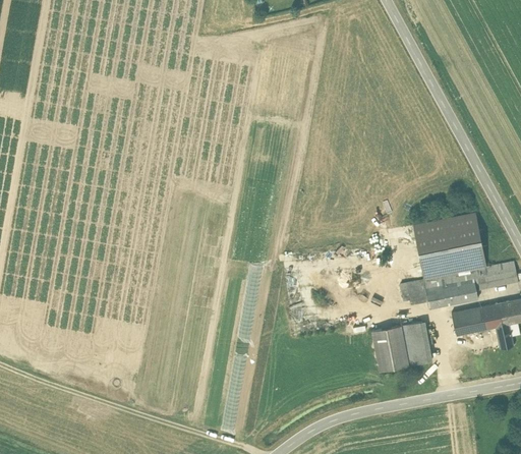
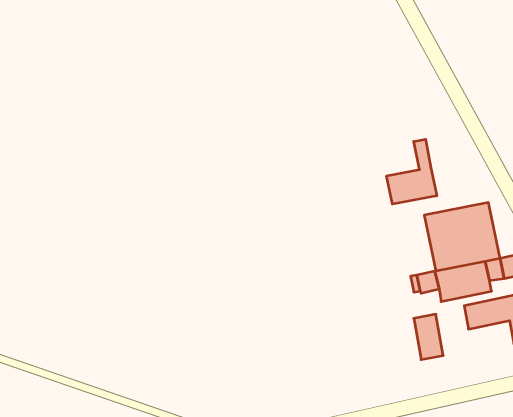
building: none -> [387,139,437,204]
building: [371,325,410,371] -> none

